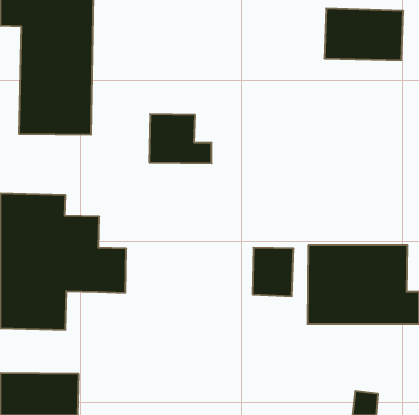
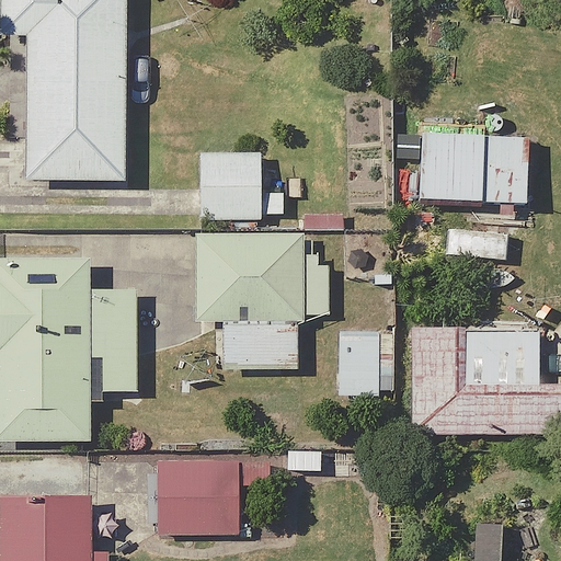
building: [324,8,403,60] -> [420,136,525,205]
building: none -> [194,233,325,369]
building: none -> [156,457,255,534]

